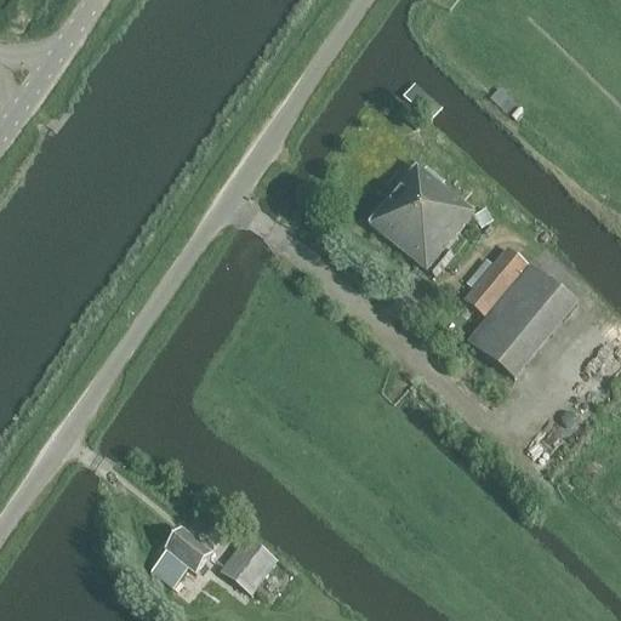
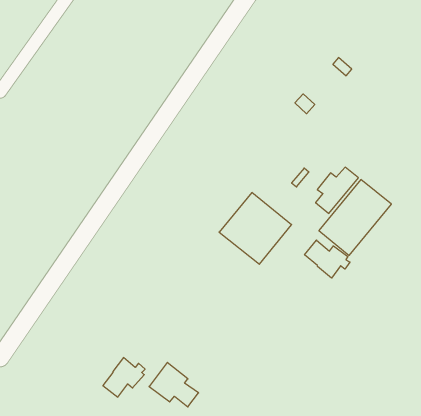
building: [368,163,474,268] -> [219,193,292,264]
building: none -> [305,240,350,278]

